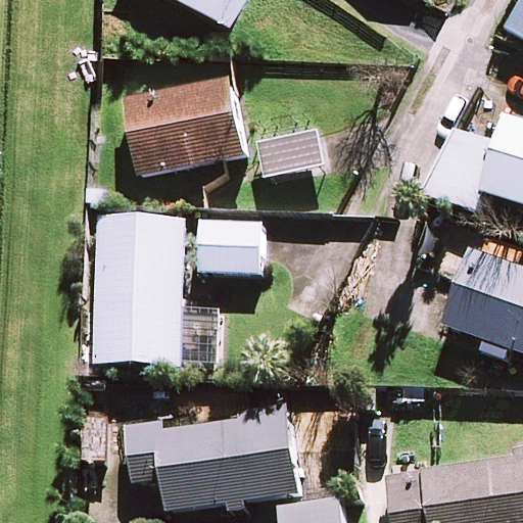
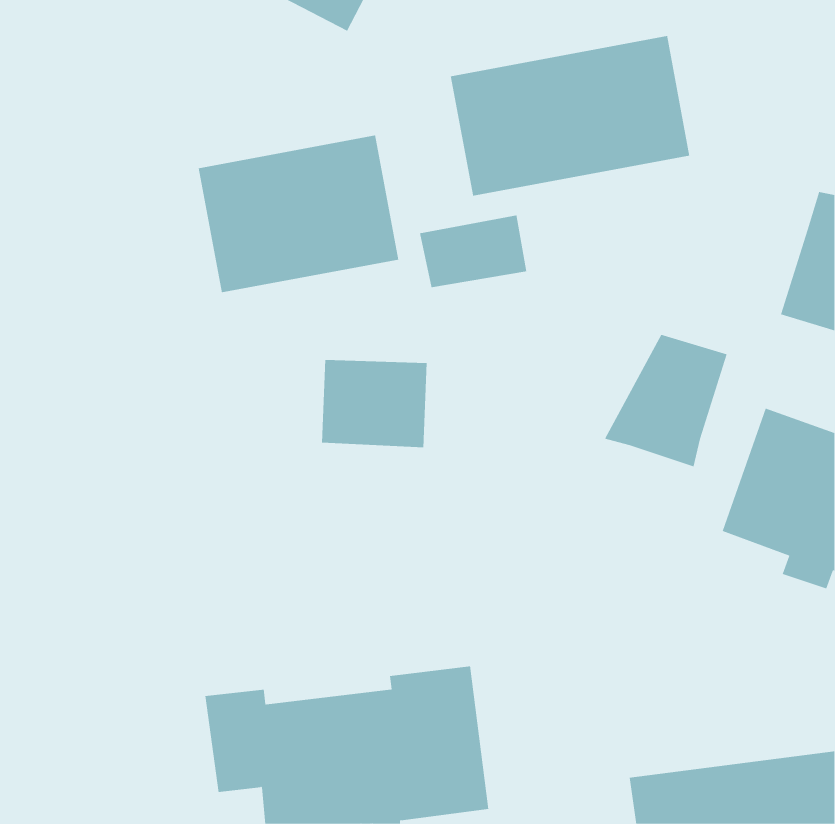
building: none -> [450,35,690,197]
building: [420,129,495,210] -> [604,334,727,467]
building: [95,221,186,368] -> none

